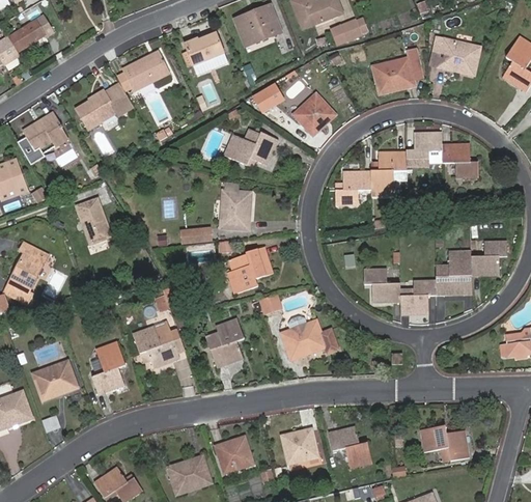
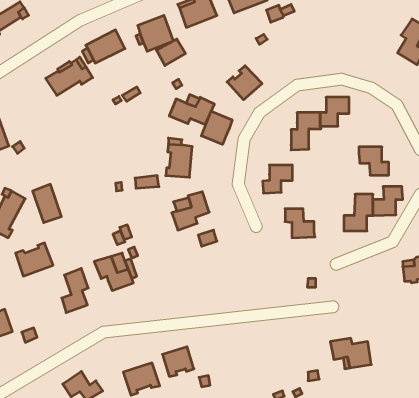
building: [430,36,479,75] -> none
building: [372,47,420,93] -> none
building: [255,80,290,112] -> [156,39,185,66]
building: [22,112,66,151] -> none
building: [442,143,478,177] -> [359,147,389,175]
building: none -> [201,111,232,144]
building: [335,171,371,205] -> [263,165,292,193]
building: [76,197,111,244] -> [33,184,61,223]
building: [399,280,436,314] -> none
building: [280,314,336,359] -> none
building: [211,317,244,367] -> none
building: [32,360,78,400] -> [16,243,53,276]
building: [328,425,371,468] -> none
building: [281,427,318,464] -> none

